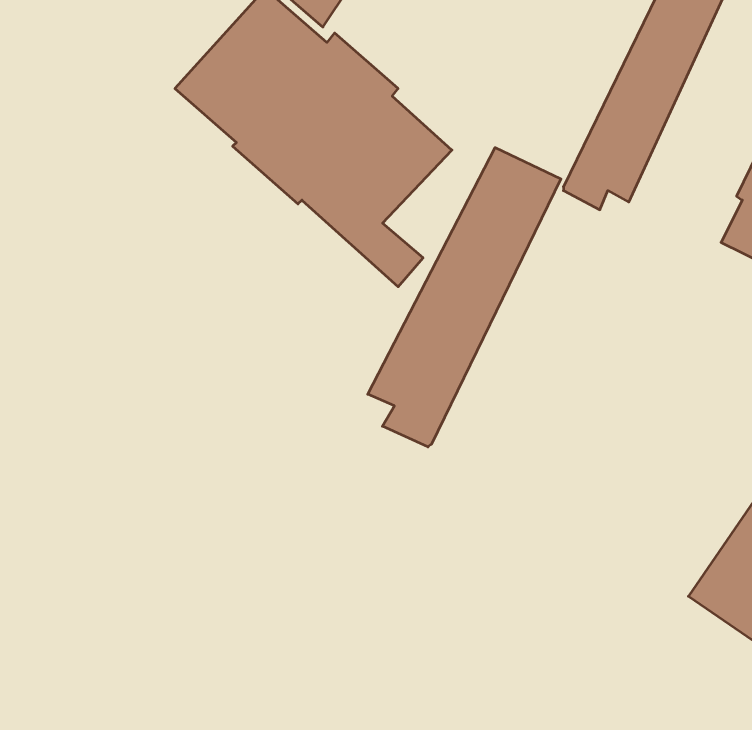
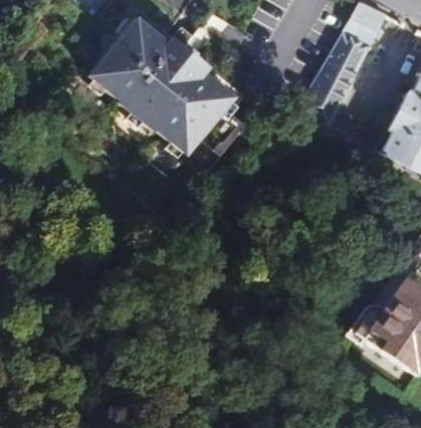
building: [368,148,561,447] -> none

